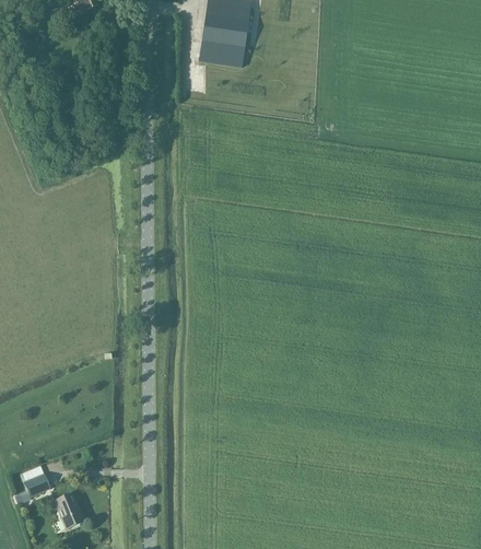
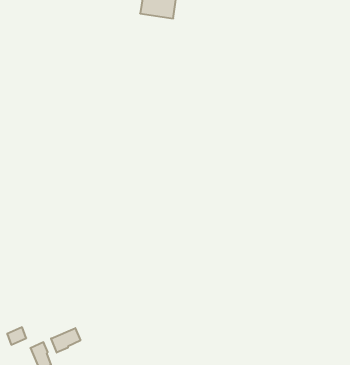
building: none -> [51,328,80,353]

